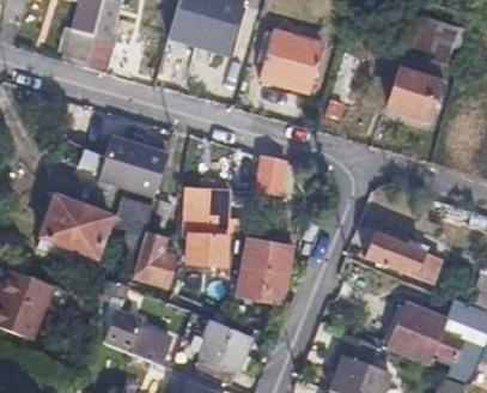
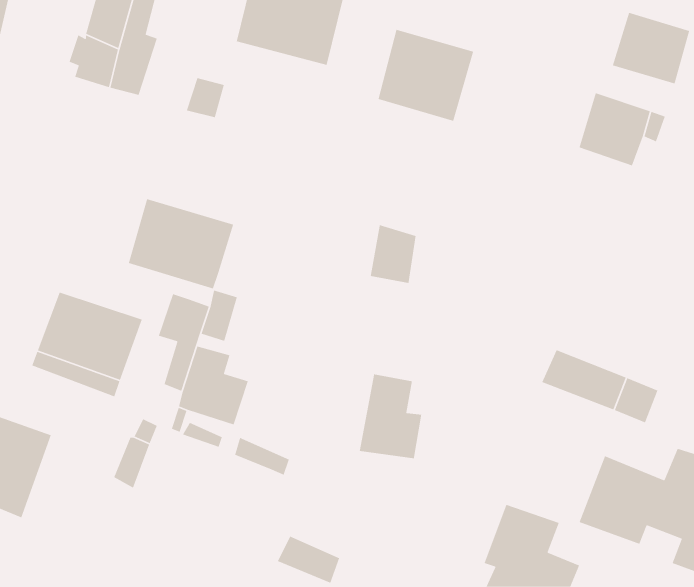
building: [184,188,249,278] -> none
building: [111,322,169,361] -> none
building: [202,328,251,369] -> none

